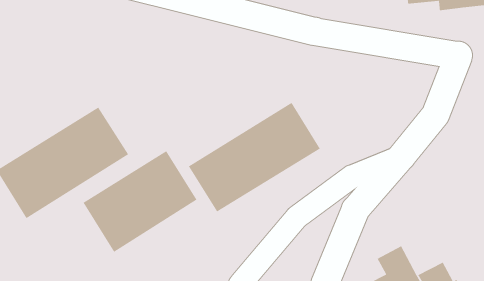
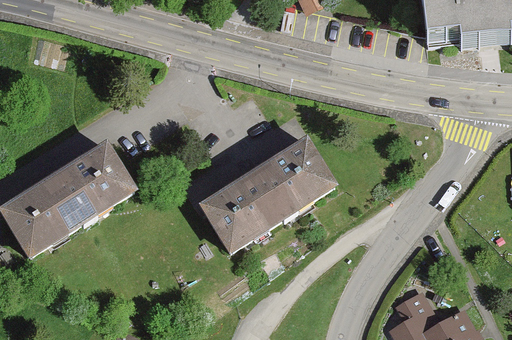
building: [82,150,197,253] -> none

